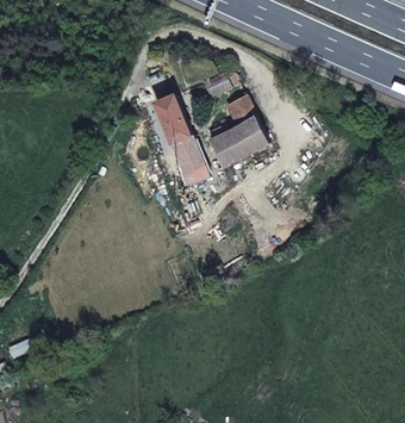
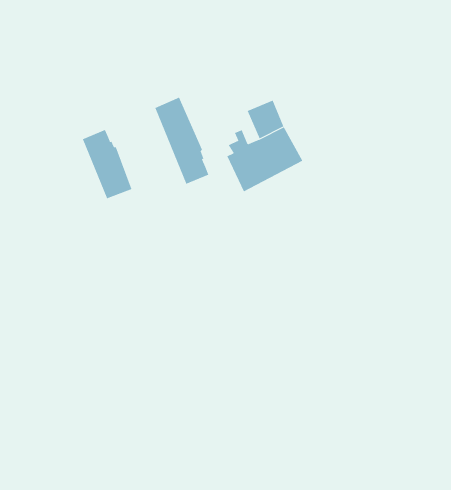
building: none -> [82,129,132,199]
building: [179,141,223,185] -> none

